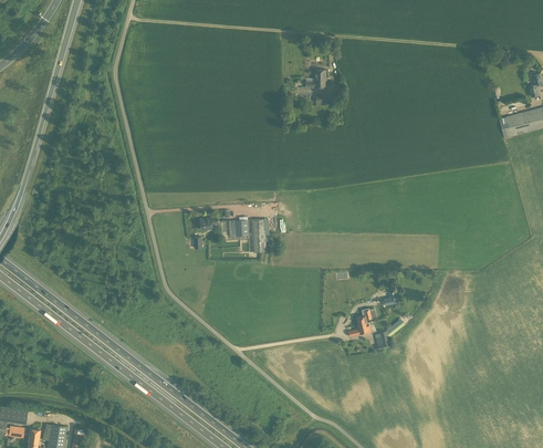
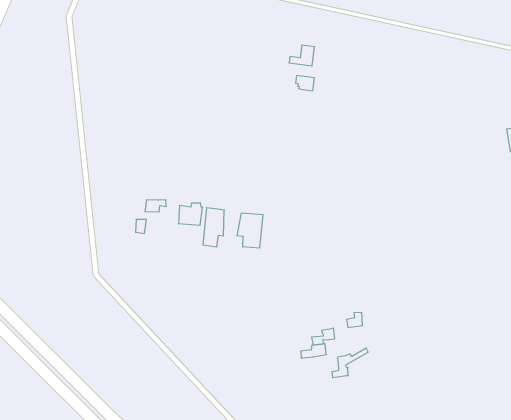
building: none -> [237,213,263,248]

